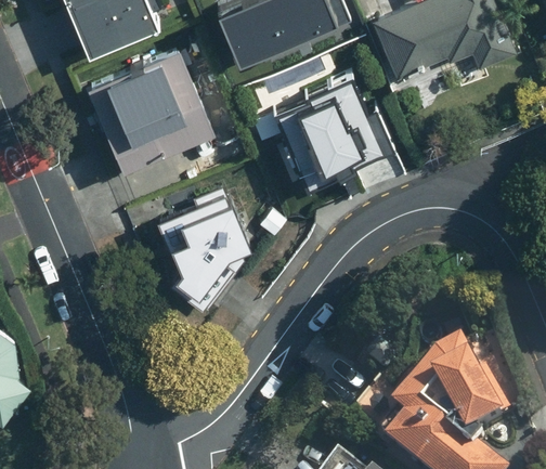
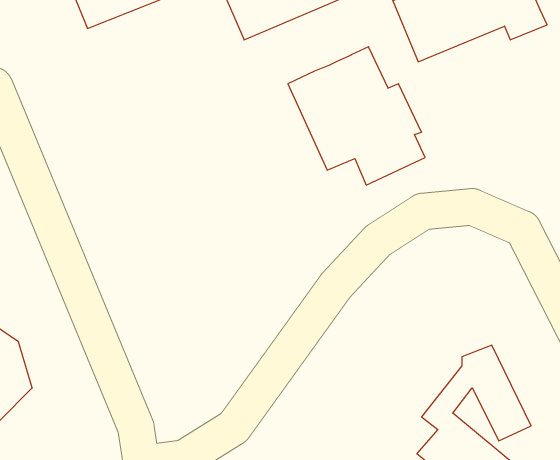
building: [90,44,217,165] -> none
building: [154,183,246,301] -> none

